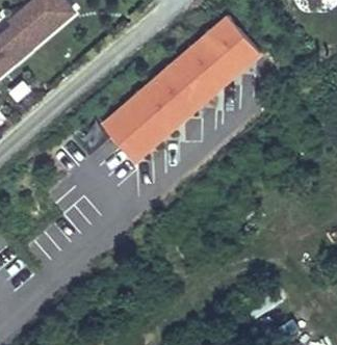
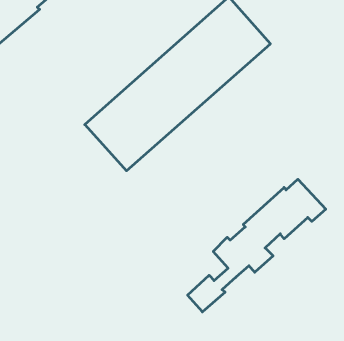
building: none -> [188,179,326,312]

